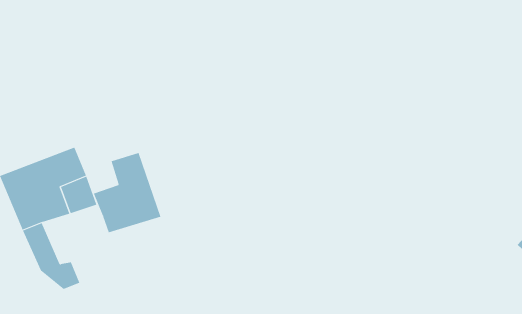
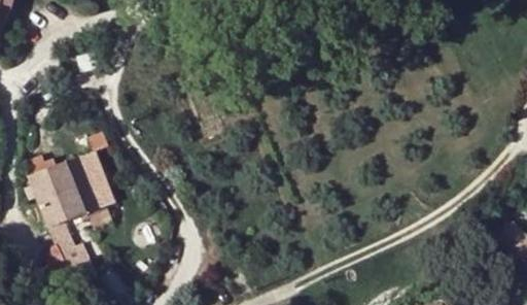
building: [93,152,161,233] -> none

